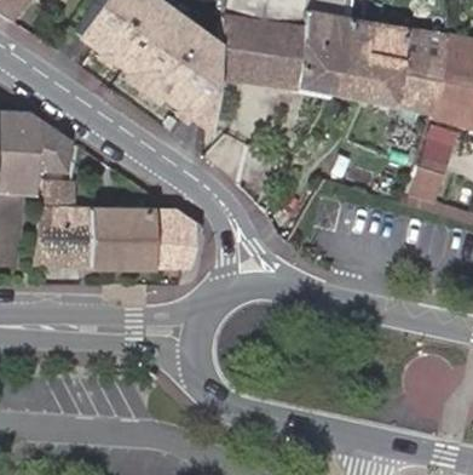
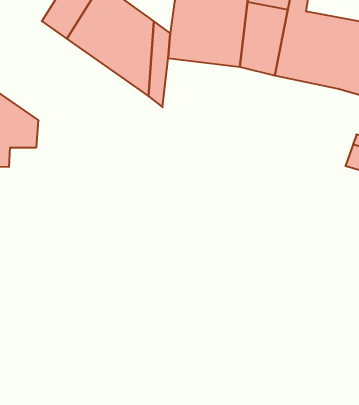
building: [34,181,198,267] -> none

